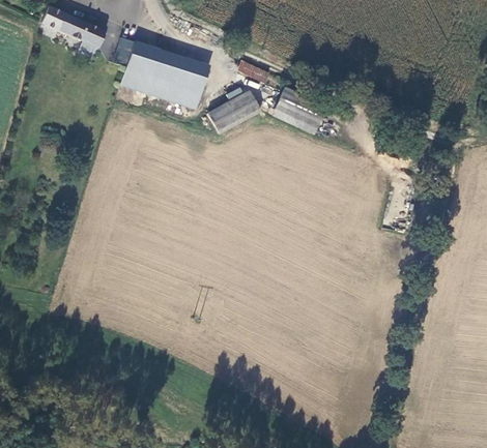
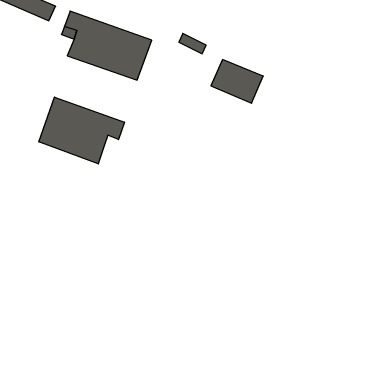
building: [208,90,260,133] -> none
building: none -> [39,97,124,164]

